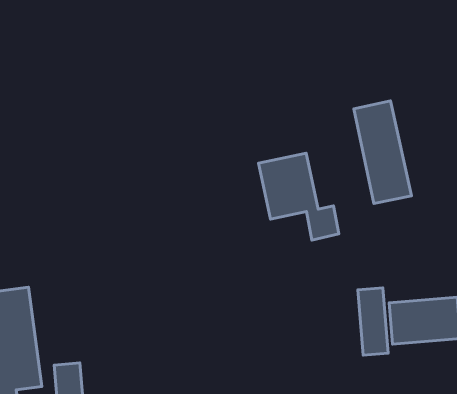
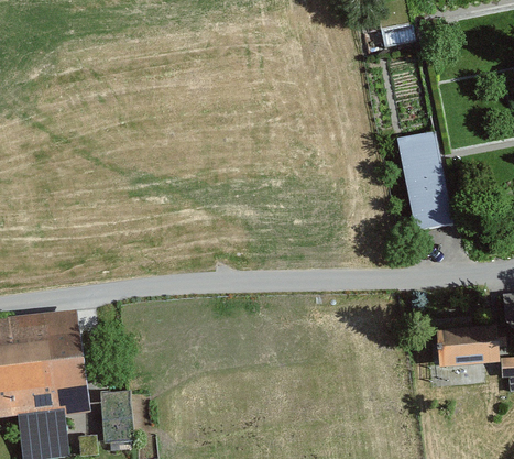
building: [259,153,339,240] -> none
building: [358,288,388,355] -> none

